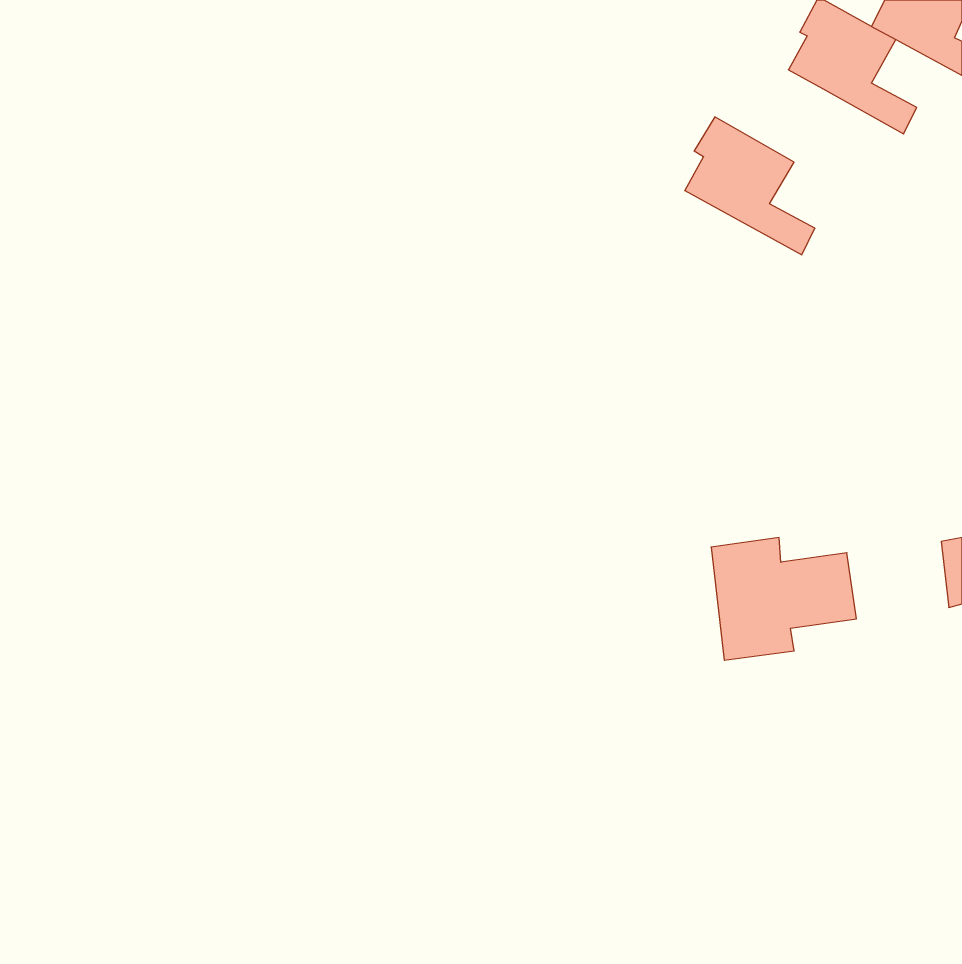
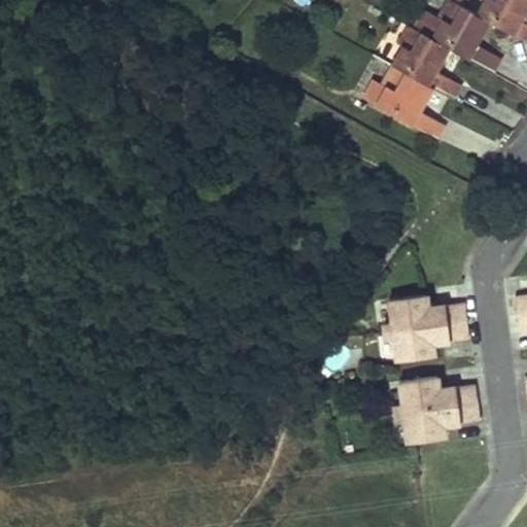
building: none -> [390,25,460,99]
building: none -> [398,376,478,442]

